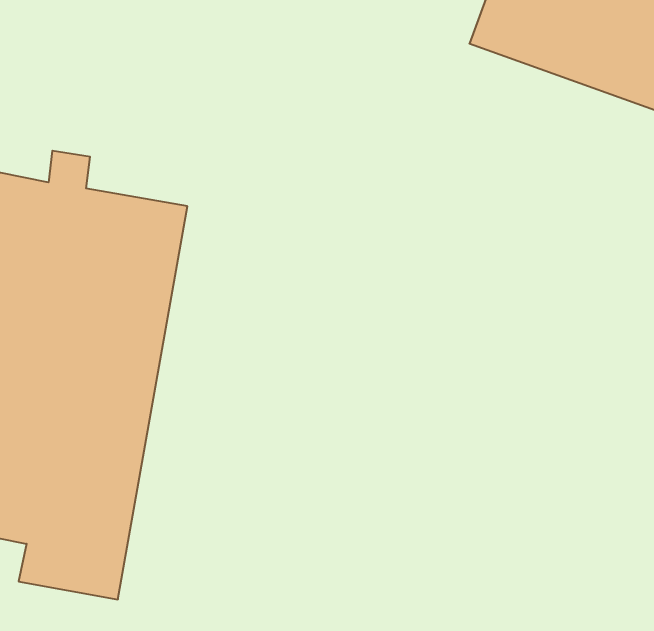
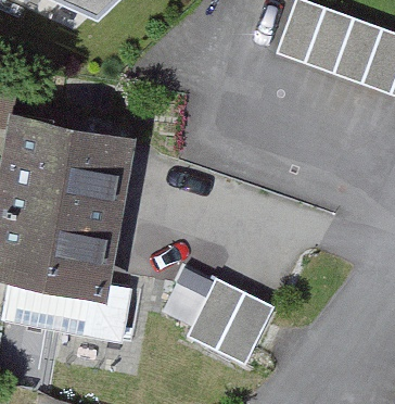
building: none -> [192,280,279,367]

